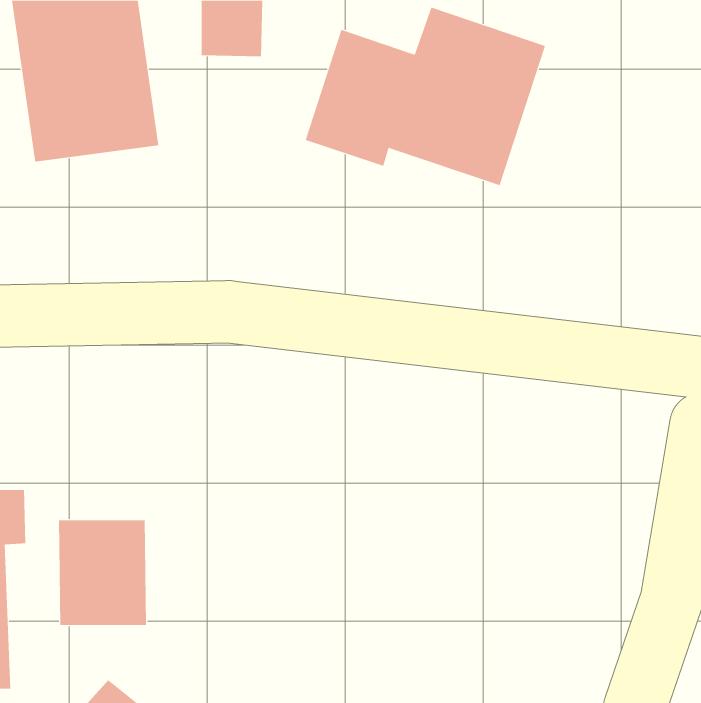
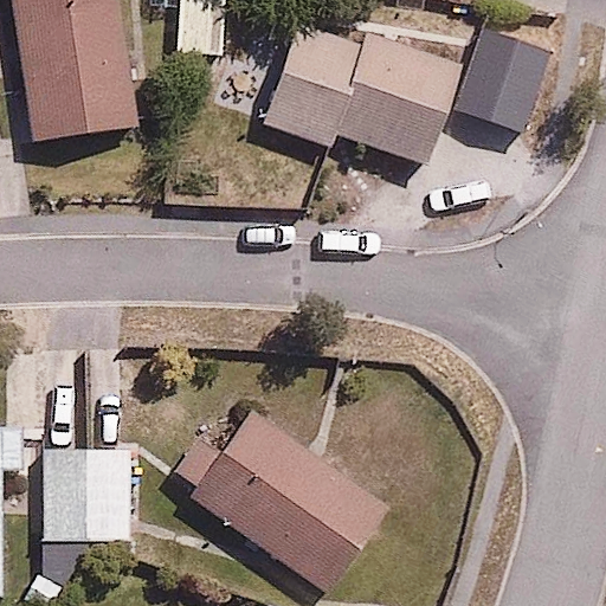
building: none -> [458,34,554,130]
building: none -> [176,398,388,593]

